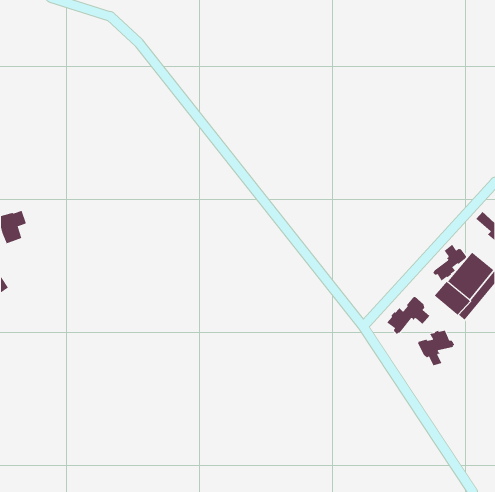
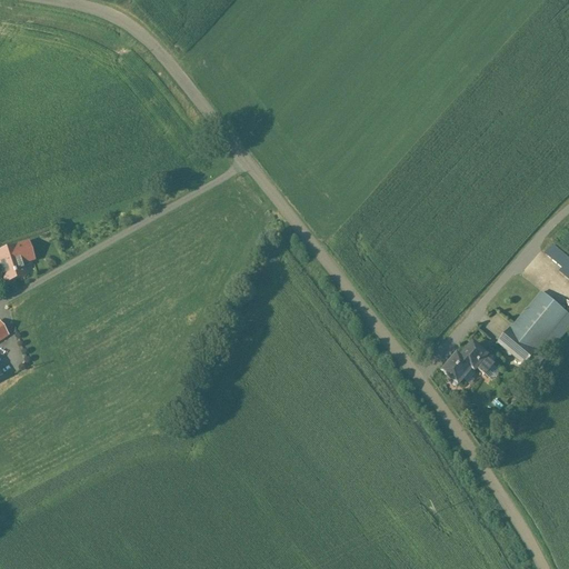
building: [433,244,467,282] -> none
building: [417,330,455,366] -> none

